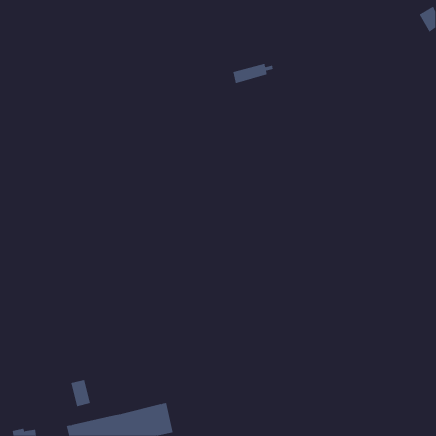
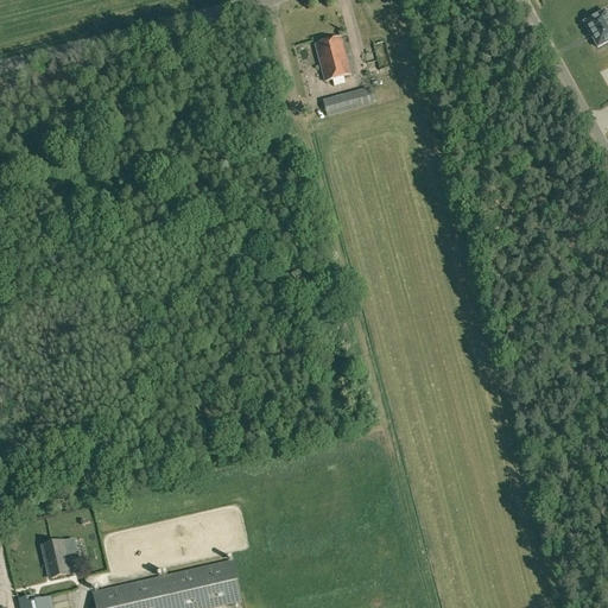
building: none -> [314,37,349,81]
building: [70,379,91,407] -> [42,540,70,578]

